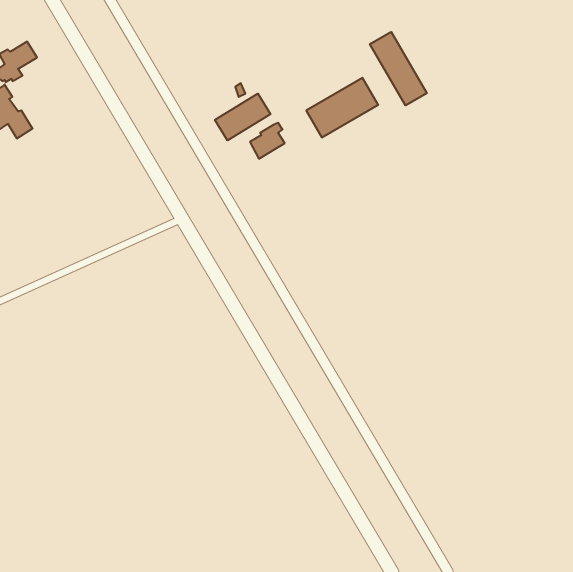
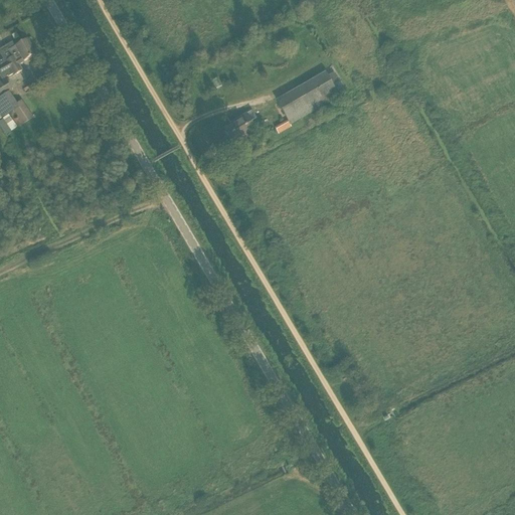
building: [370,32,427,105] -> none
building: [215,94,270,140] -> none

